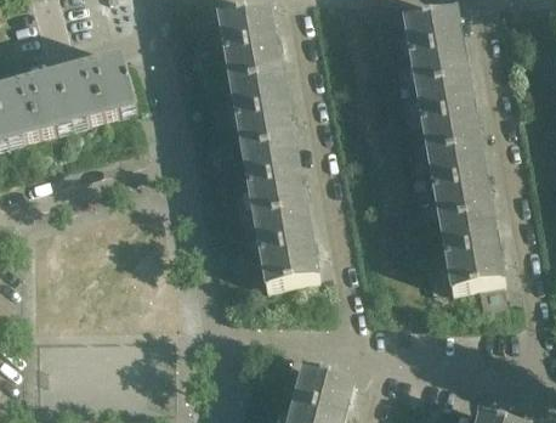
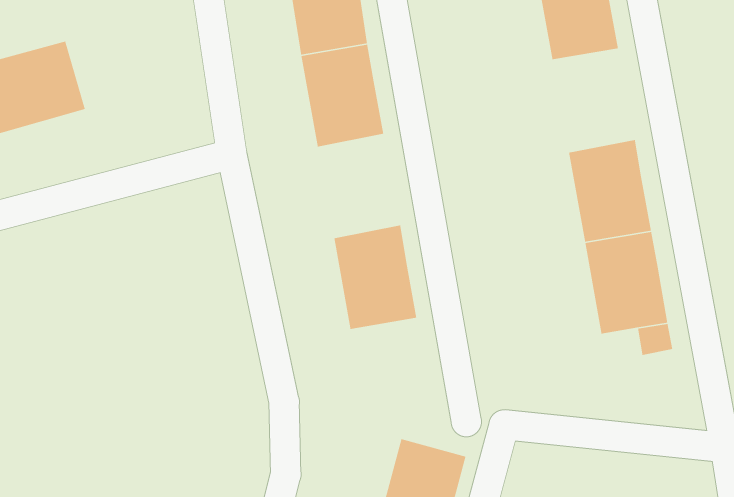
building: [56,49,136,118] -> none
building: [415,73,477,150] -> none
building: [242,136,303,213] -> none

